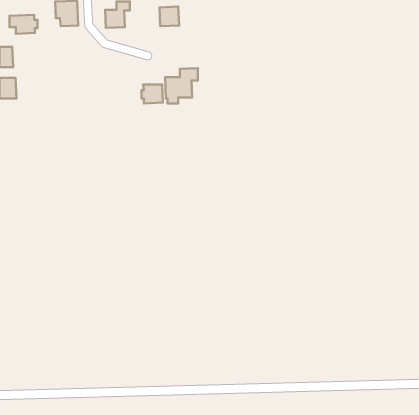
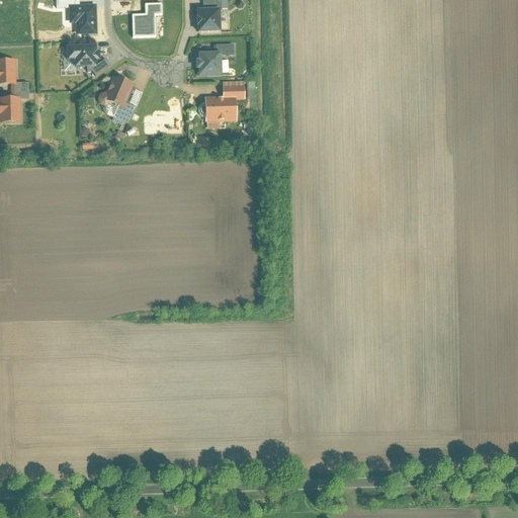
building: [9,15,37,34] -> [66,45,100,68]
building: none -> [97,75,134,107]
building: [141,85,163,103] -> [195,52,222,75]

